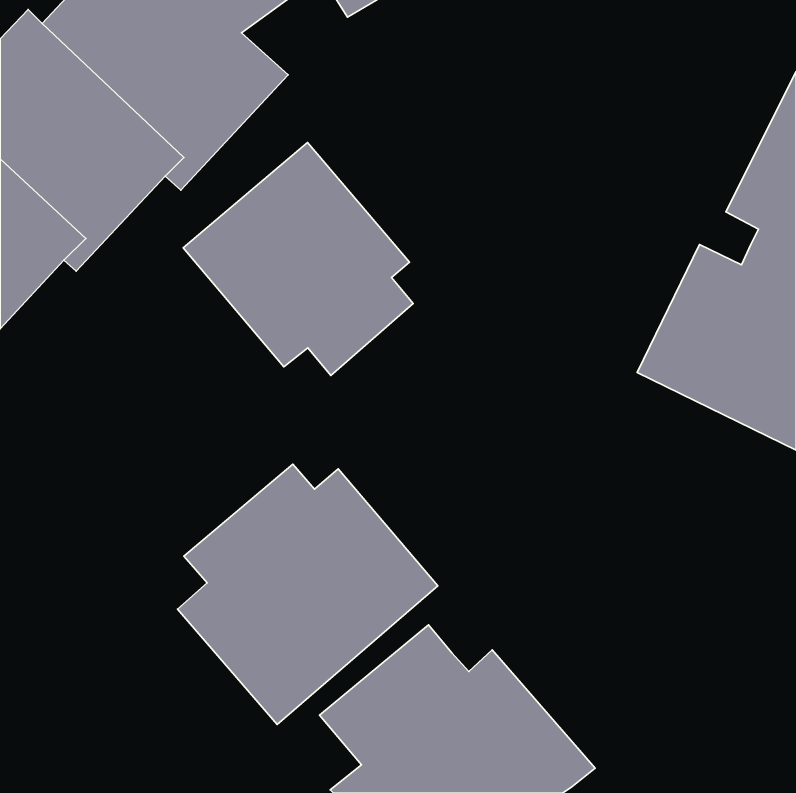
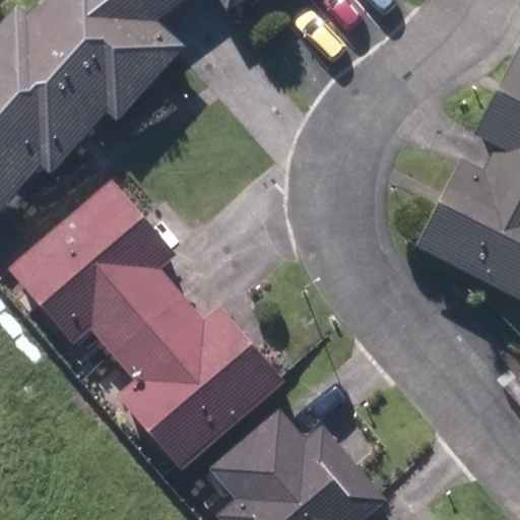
building: [183,143,413,376] -> none
building: none -> [6,180,191,363]

